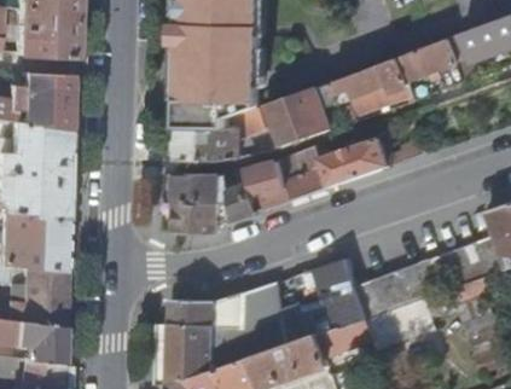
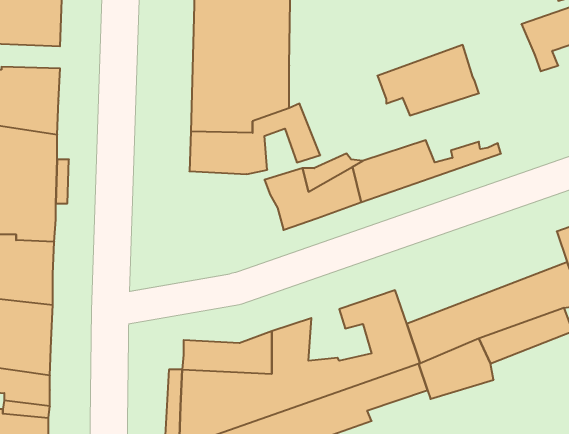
building: [401,40,466,88] -> none
building: [267,82,347,147] -> none
building: [164,173,245,231] -> none

